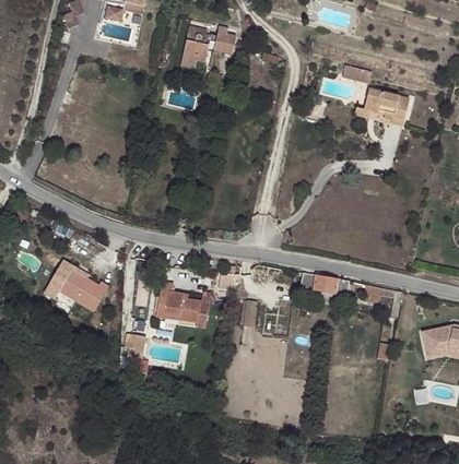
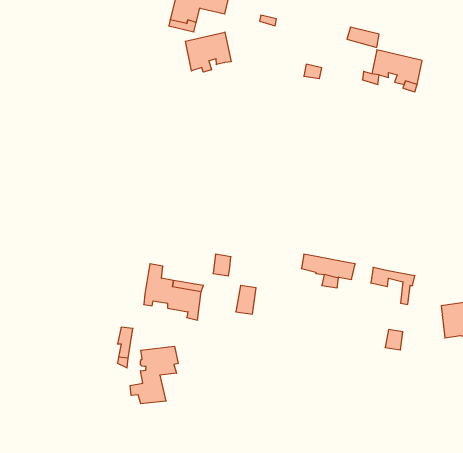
building: none -> [185,32,231,72]
building: [46,259,108,317] -> none
building: none -> [130,346,178,404]

